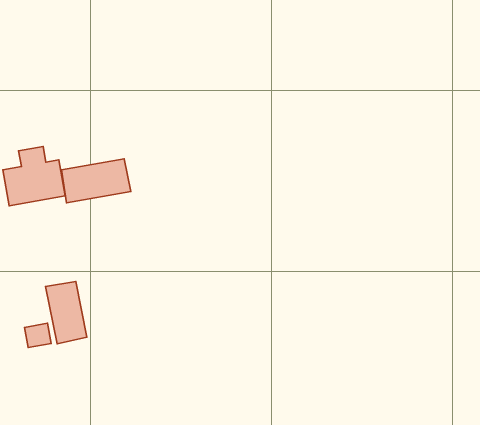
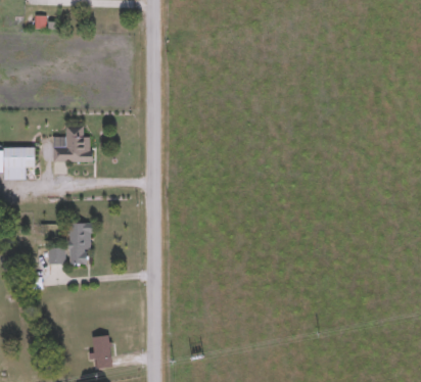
building: [61,159,131,203] -> none

